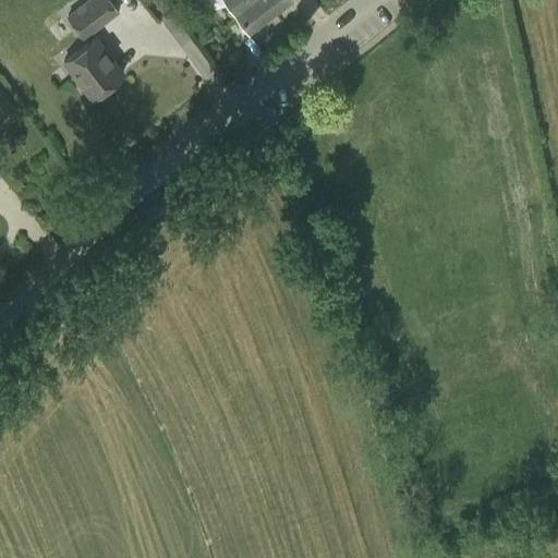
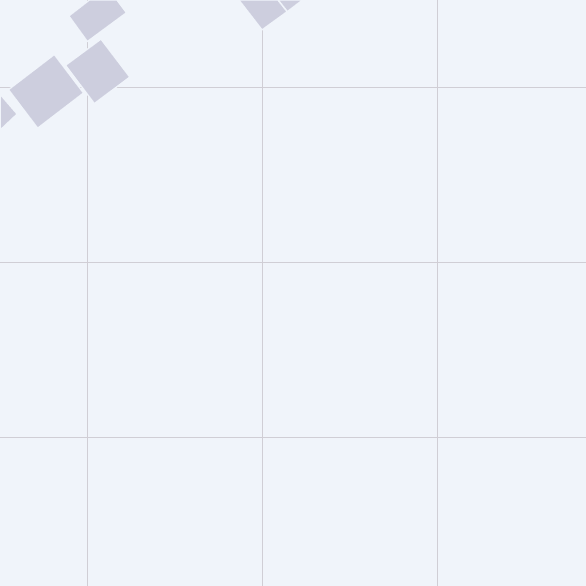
building: none -> [8,54,83,128]

